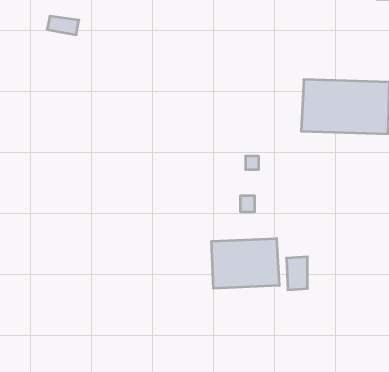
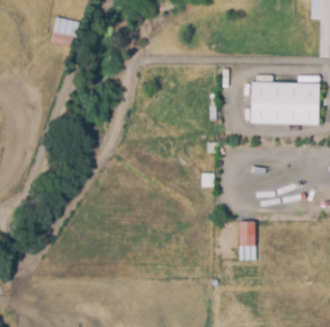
building: [212,238,279,288] -> none

